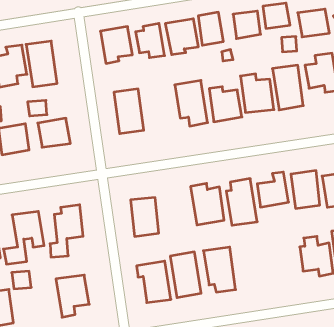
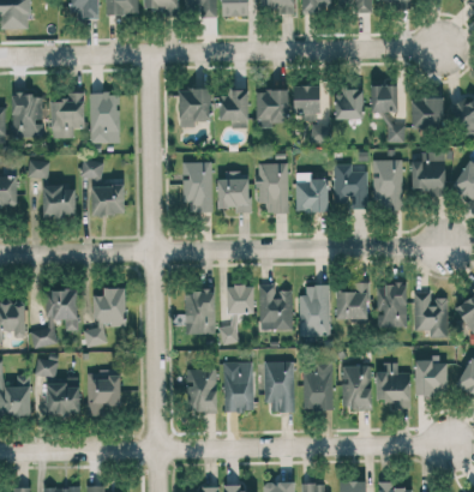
building: none -> [217,173,251,212]
building: none -> [220,284,254,343]
building: none -> [341,366,372,409]
building: none -> [302,364,332,410]
building: none -> [46,384,79,414]

